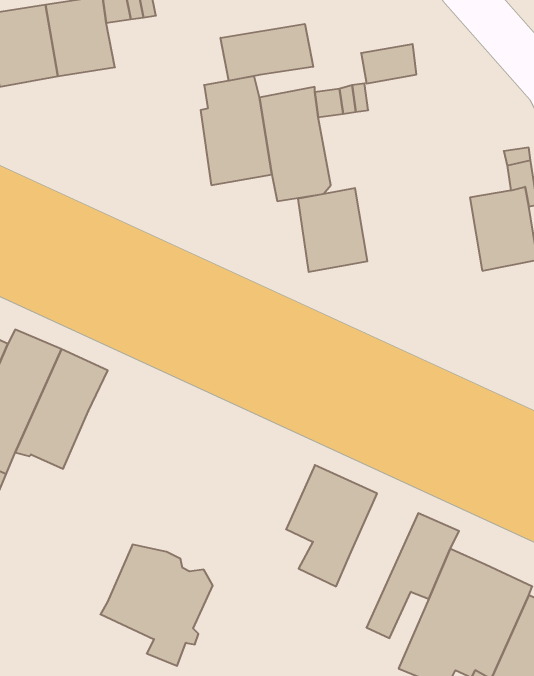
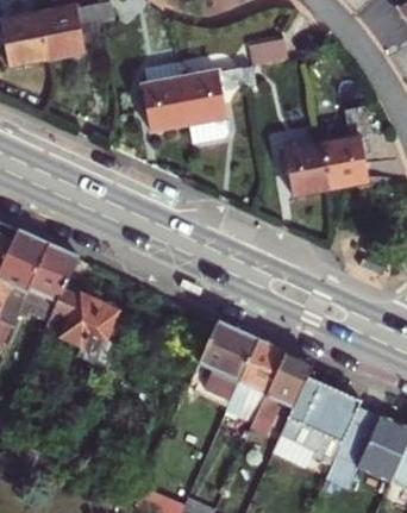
building: [221,24,313,81] -> none
building: [298,188,367,272] -> [283,142,330,198]
building: none -> [227,339,287,442]
building: [100,545,213,666] -> [45,284,120,365]

